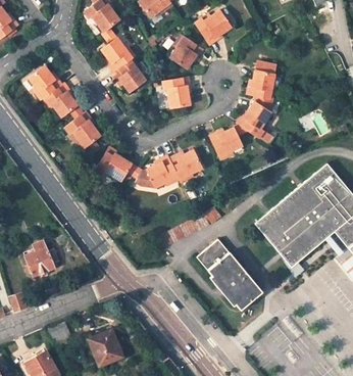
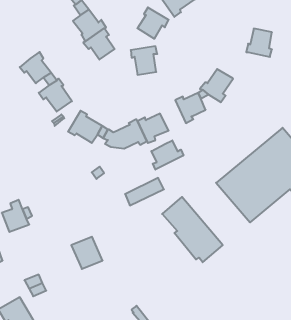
building: [29,66,62,100] -> none
building: [248,68,275,99] -> [246,29,272,57]
building: none -> [151,140,183,170]
building: [89,330,122,365] -> [71,237,103,269]

